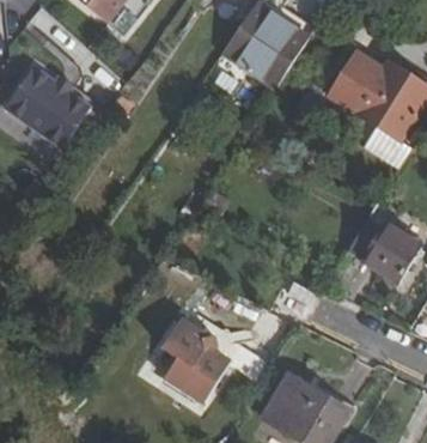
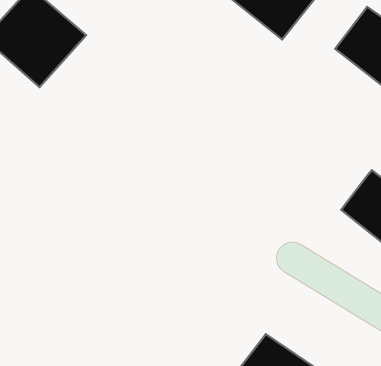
building: [160,318,227,403] -> none

